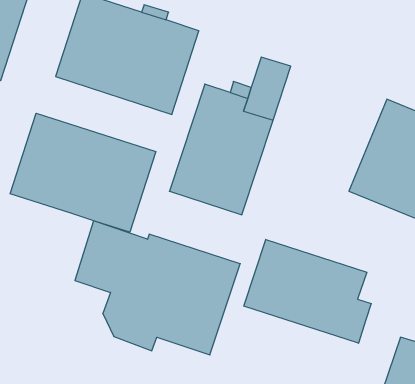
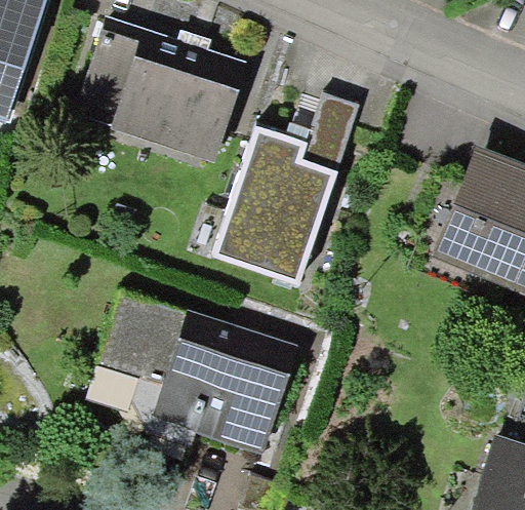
building: [10,113,156,232] -> none
building: [244,239,371,343] -> none

